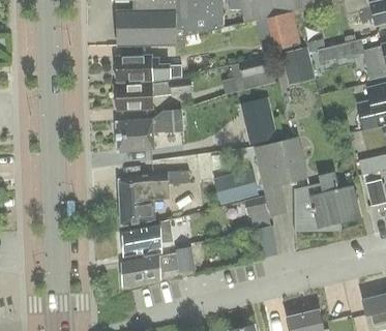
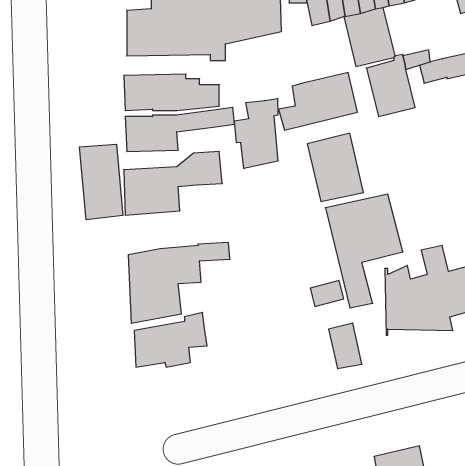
building: none -> [235,98,278,169]
building: none -> [79,144,123,220]
building: [213,169,262,205] -> none
building: [122,246,196,285] -> none

